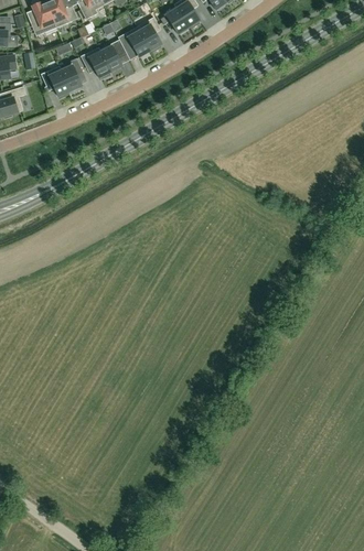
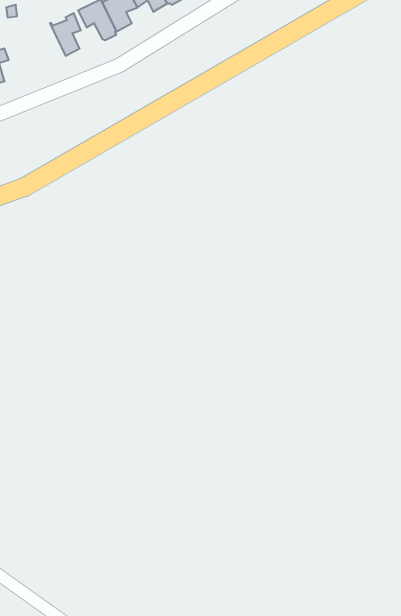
building: [41,65,71,97] -> none

